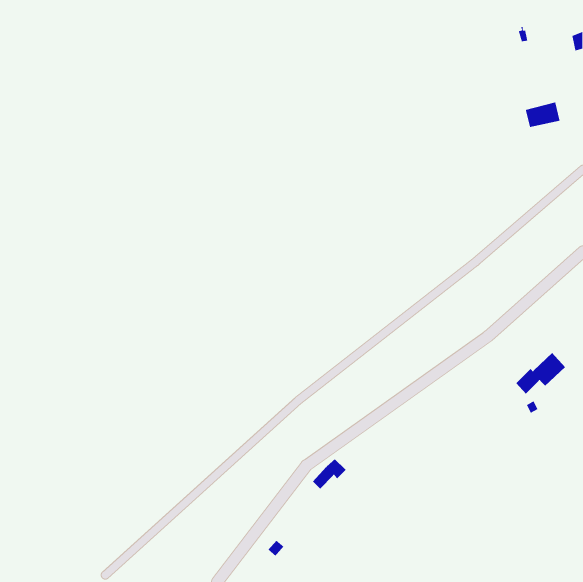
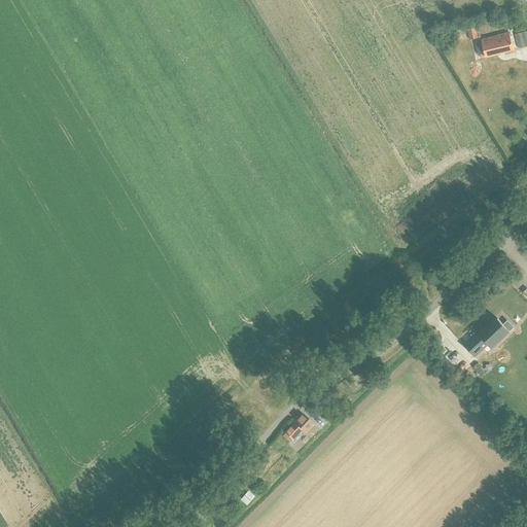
building: [525,102,560,128] -> [480,31,512,55]

